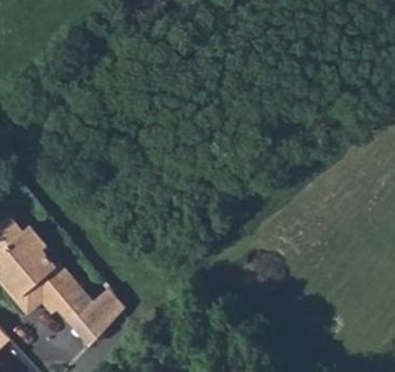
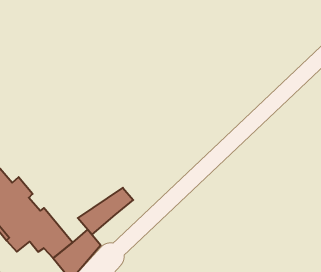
building: none -> [78,188,133,235]

